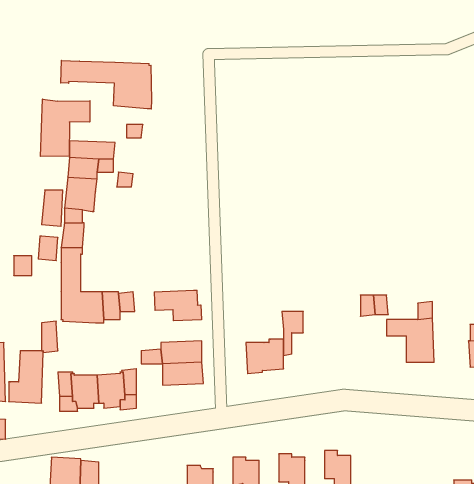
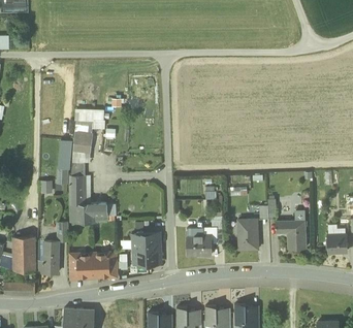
building: [61,60,152,109] -> none
building: [40,99,90,156] -> none
building: [154,290,201,321] -> none
building: none -> [237,218,257,249]

